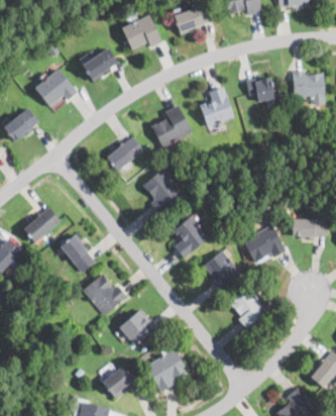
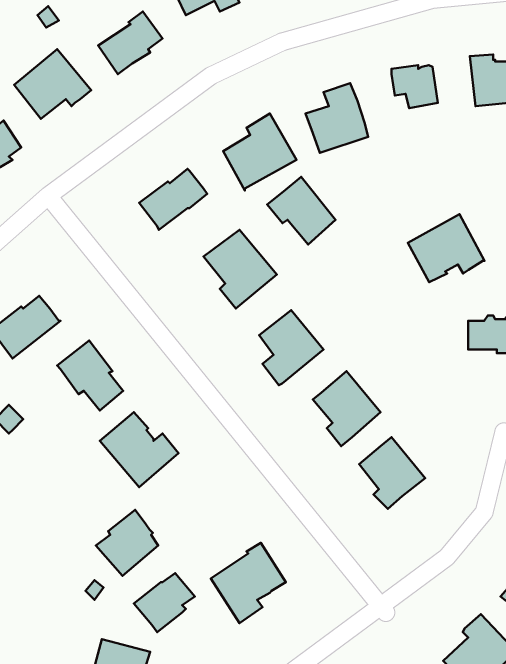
building: none -> [267,177,336,245]
building: [242,224,286,263] -> [408,214,485,282]
building: [118,308,153,345] -> [96,510,158,576]

